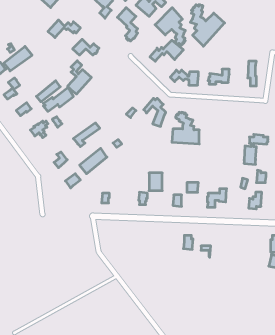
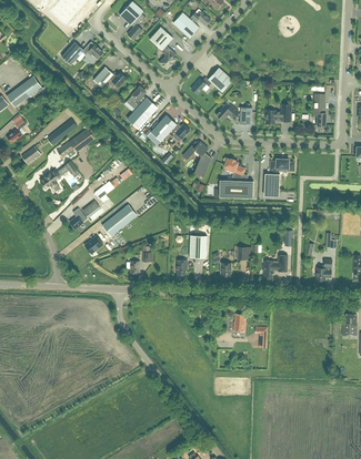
building: [190,5,225,46] -> none
building: [155,8,185,45] -> none
building: [68,61,91,94] -> [128,86,158,129]
building: none -> [148,115,190,144]
building: [244,134,268,164] -> [264,159,294,196]

